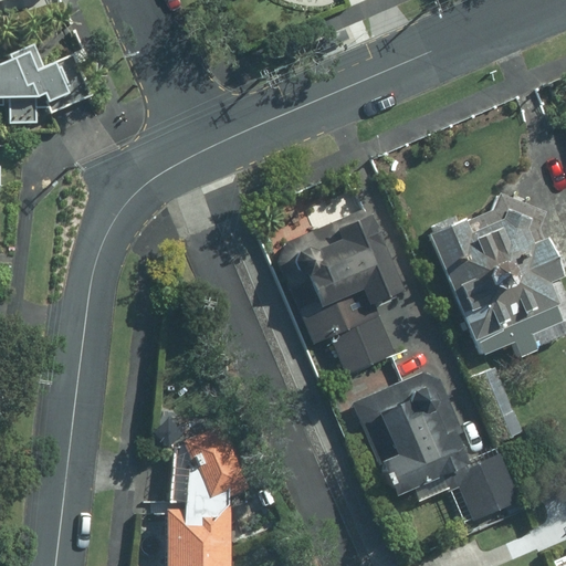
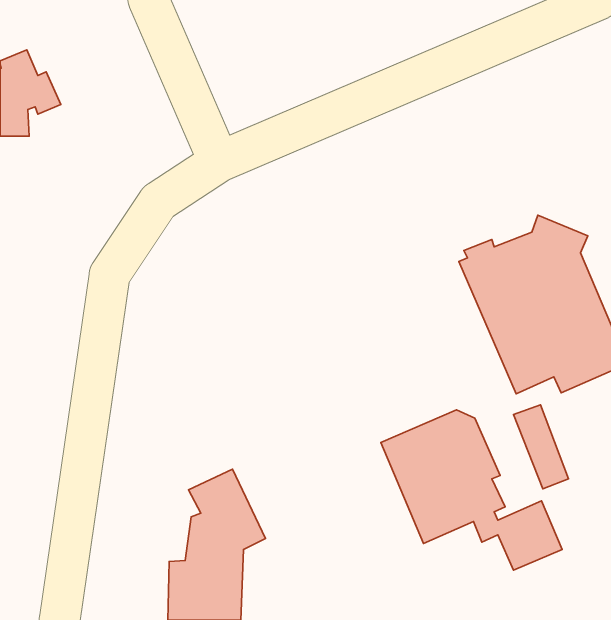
building: [282,210,402,371] -> none

